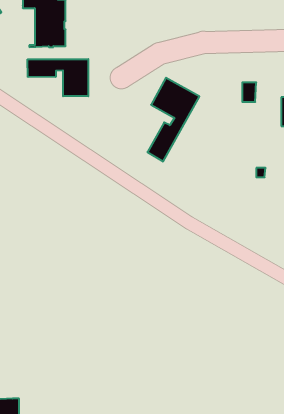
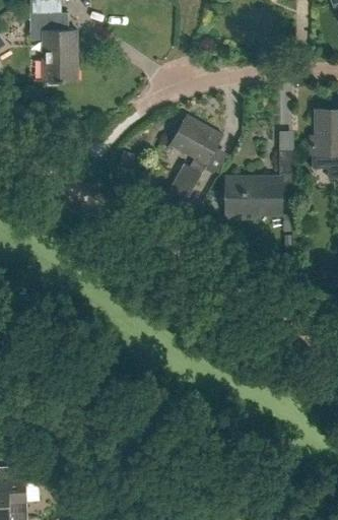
building: [28,59,88,96] -> none
building: none -> [226,151,293,218]

